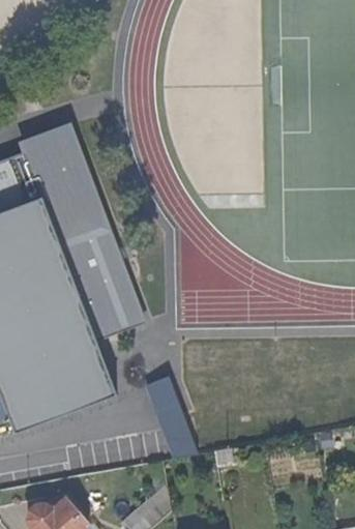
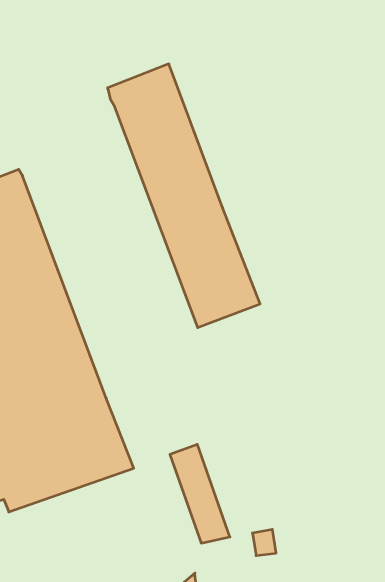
building: [20,121,146,340] -> [108,64,260,328]

